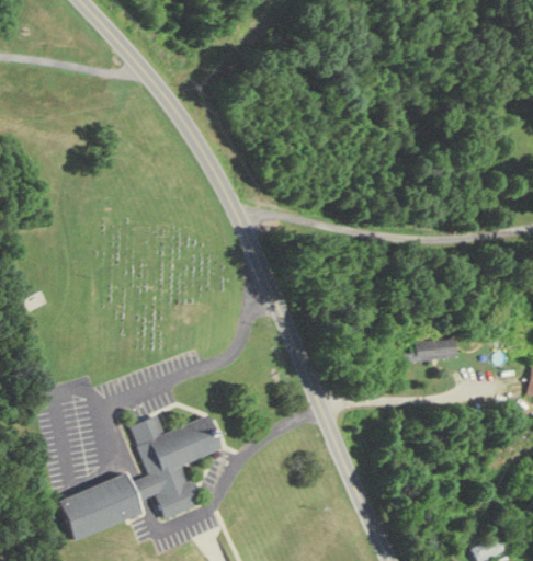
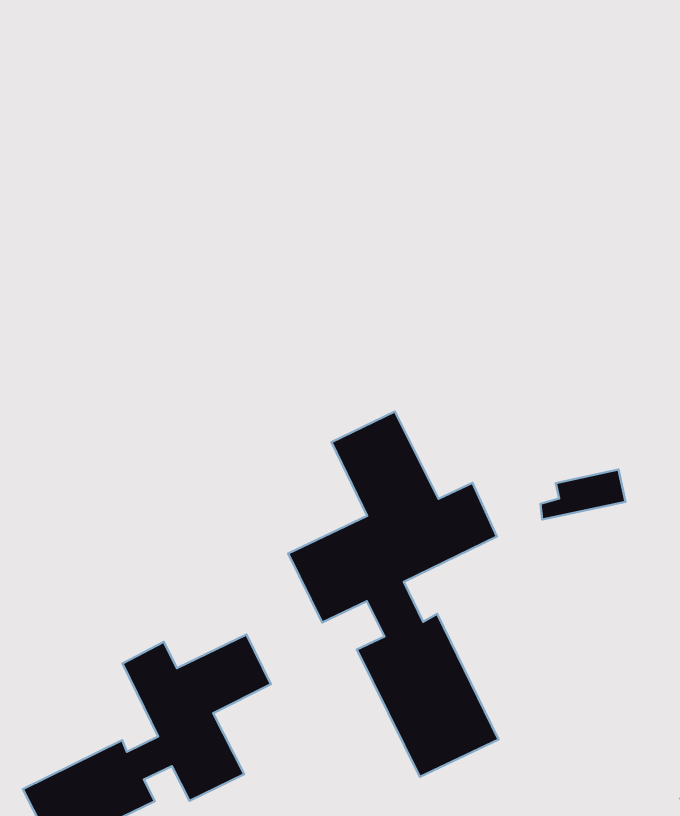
building: none -> [288,411,499,777]

